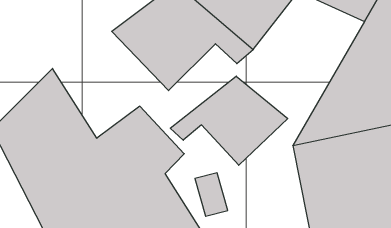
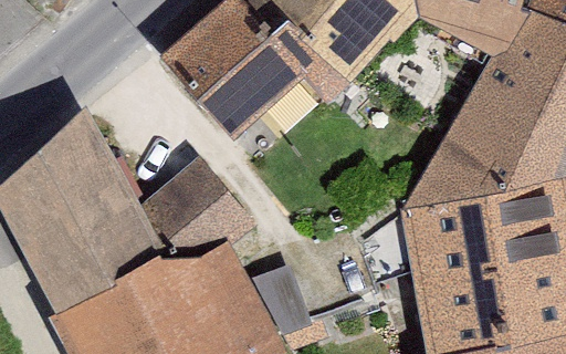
building: [170,76,288,165] -> none

